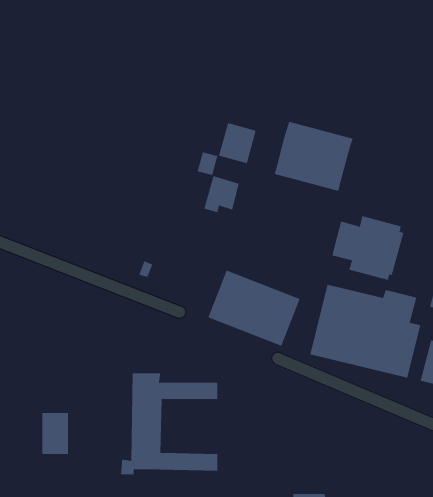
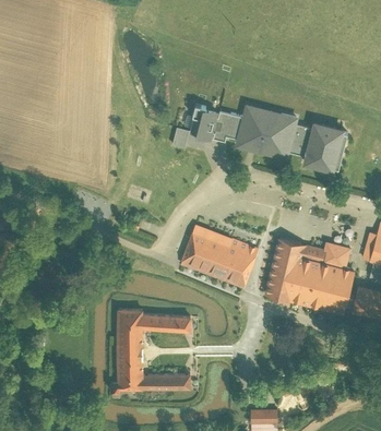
building: [204,176,239,213] -> [213,110,242,141]
building: [331,216,404,281] -> [290,119,350,172]
building: [42,412,69,455] -> none

